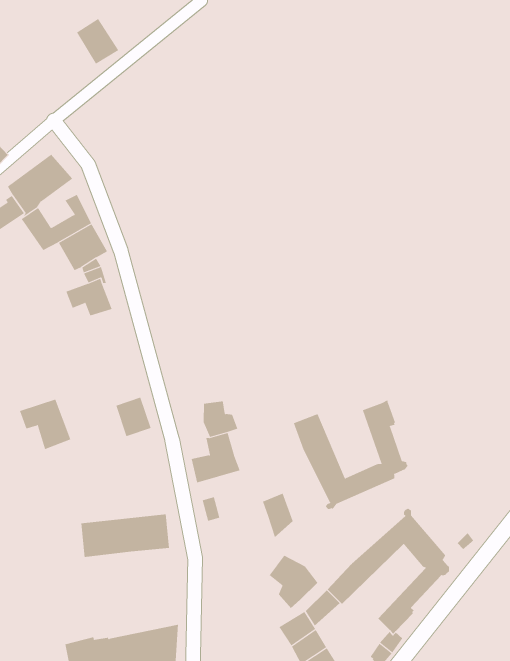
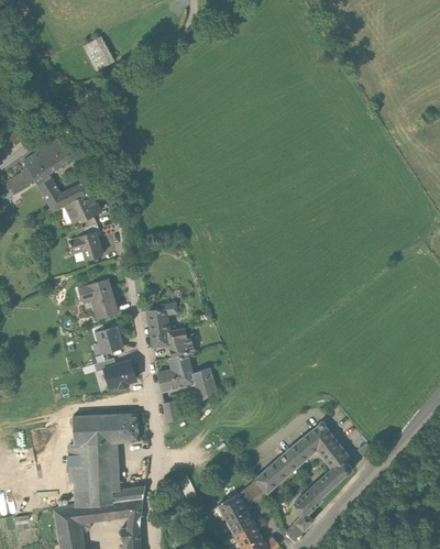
building: none -> [146,304,176,349]
building: [19,399,71,450] -> [78,281,117,319]
building: [293,400,409,510] -> none
building: none -> [102,361,138,388]
building: [262,493,294,538] -> [191,369,215,403]
building: none -> [66,442,144,507]
building: [269,555,318,609] -> none

